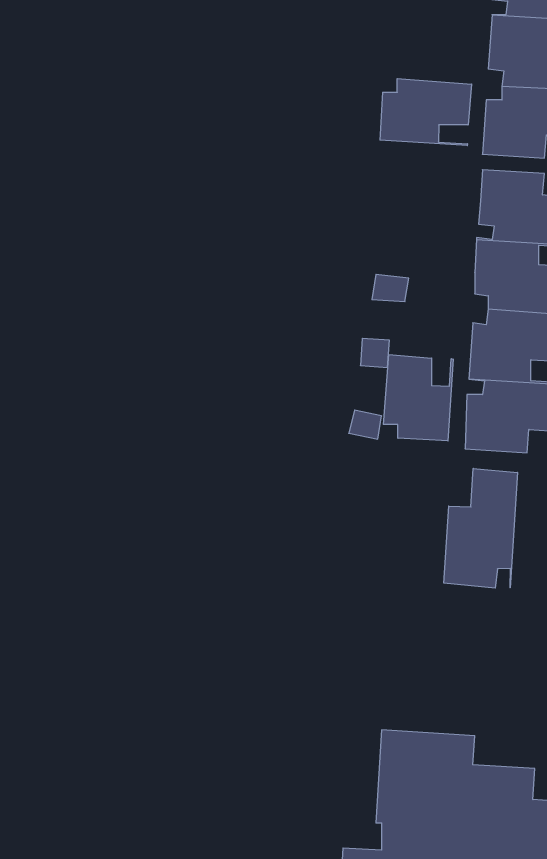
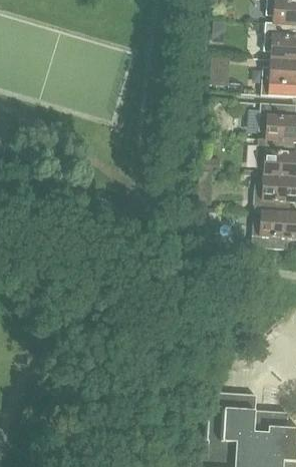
building: [380,79,472,146] -> none
building: [383,355,453,441] -> none
building: [444,468,517,588] -> none

